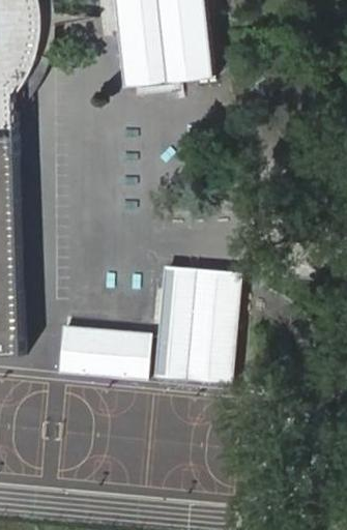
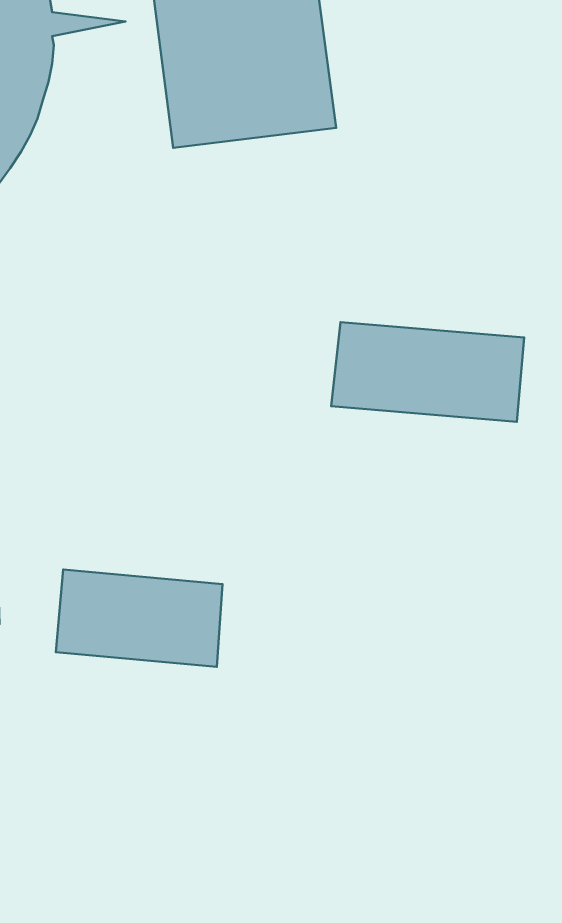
building: none -> [331,322,524,422]
building: [153,264,238,381] -> none

